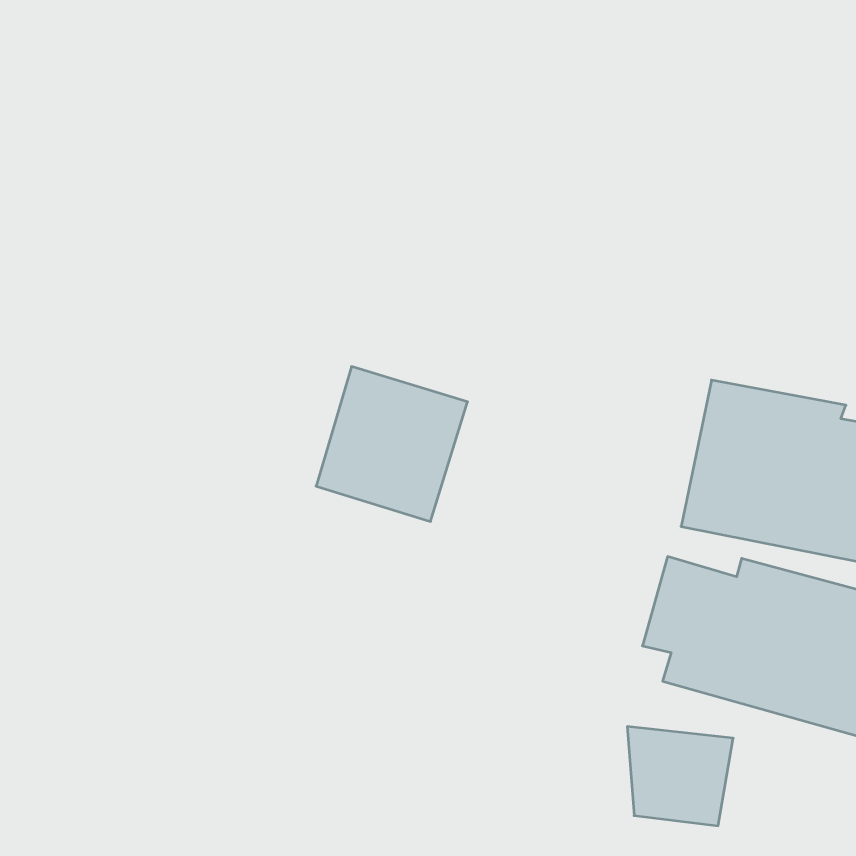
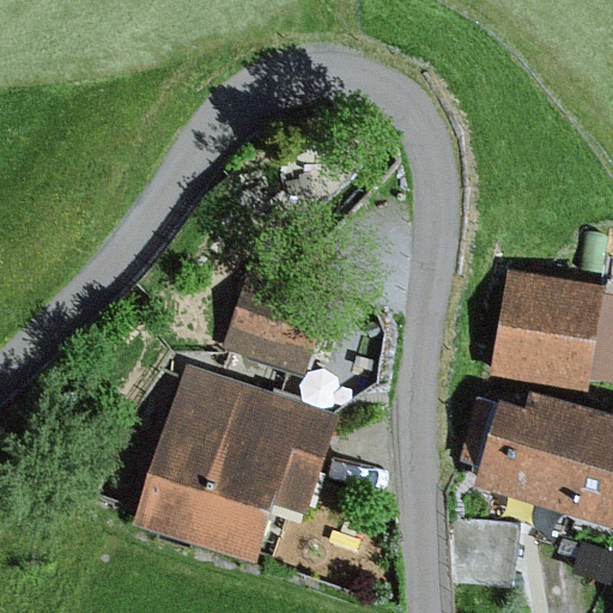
building: none -> [138,368,336,558]

